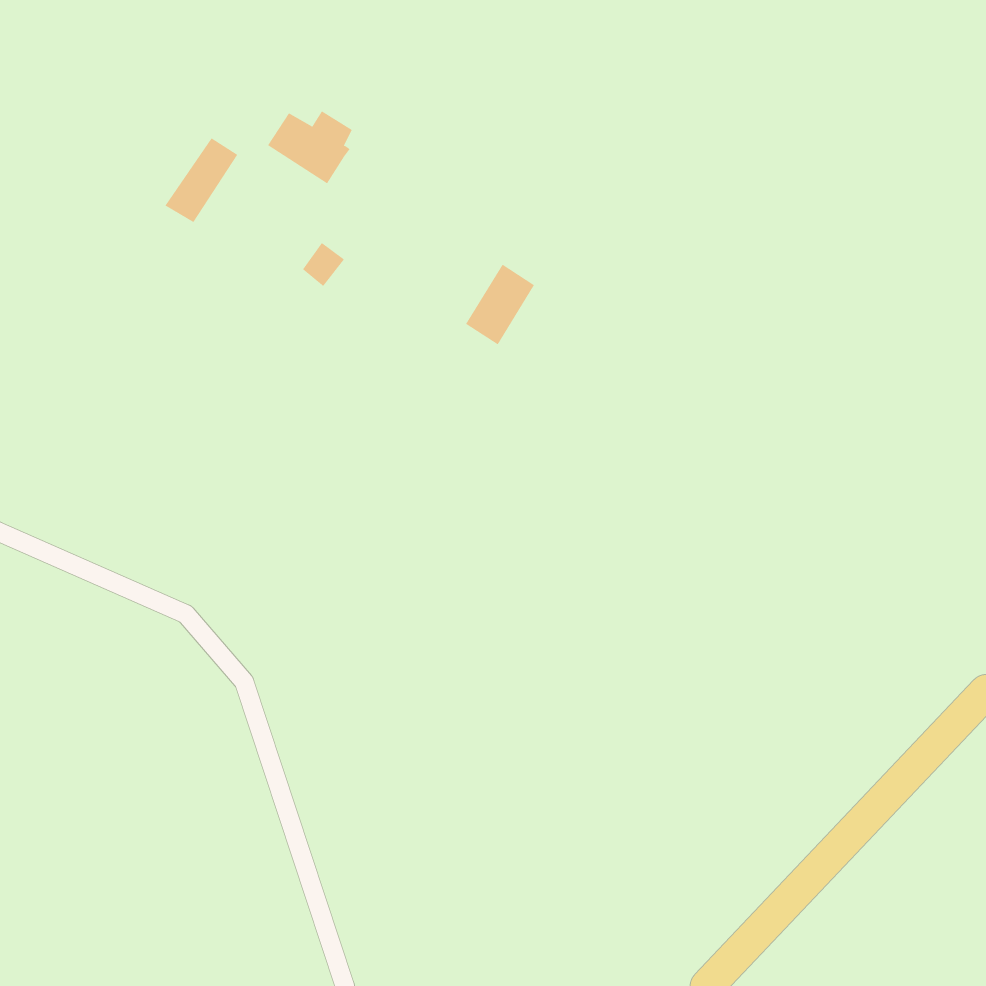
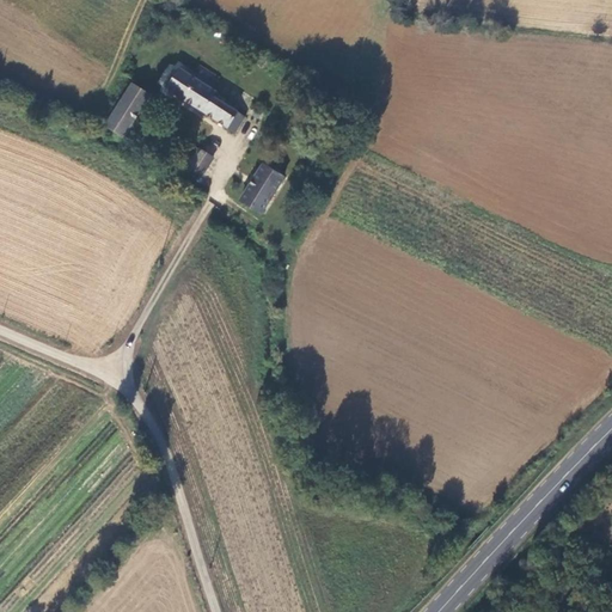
building: none -> [202,97,245,134]
building: [465,264,535,345] -> [240,163,283,213]

